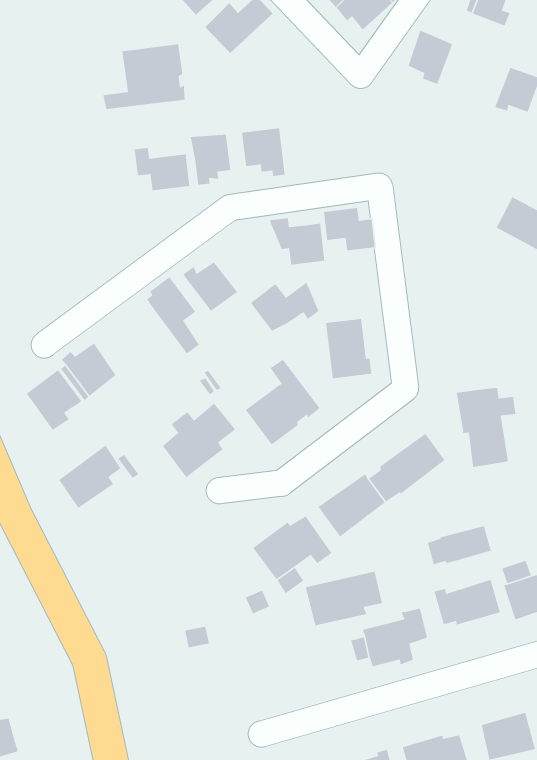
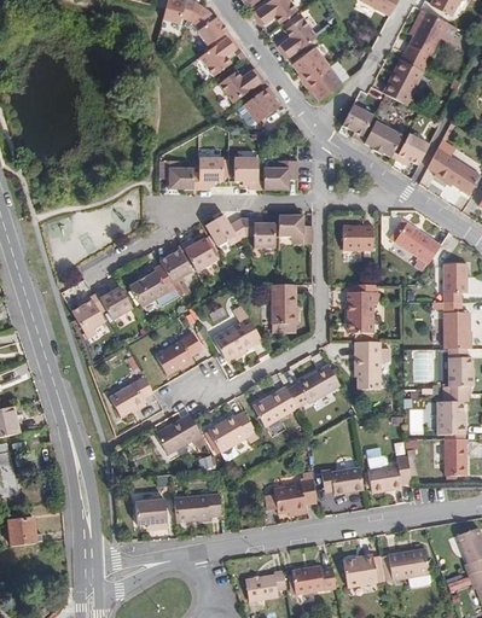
building: none -> [240,86,278,124]
building: [103,44,186,110] -> none
building: none -> [366,116,406,158]
building: none -> [262,159,297,188]
building: none -> [343,225,373,251]
building: [250,281,320,332] -> [204,214,249,245]
building: none -> [347,285,379,333]
building: none -> [128,262,179,307]
building: [58,444,122,509] -> [109,377,151,416]
building: [427,525,492,565] -> none
building: none -> [157,414,207,453]
building: [305,571,383,626] -> [172,491,221,523]
building: none -> [133,497,165,530]

